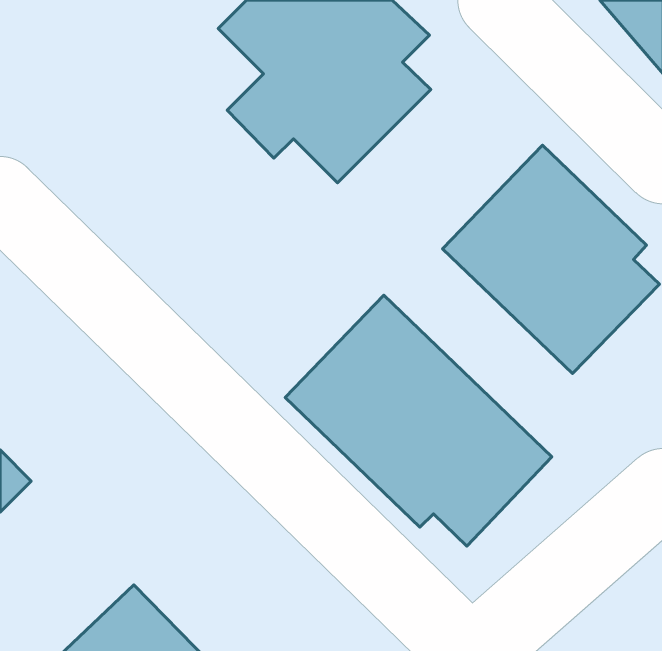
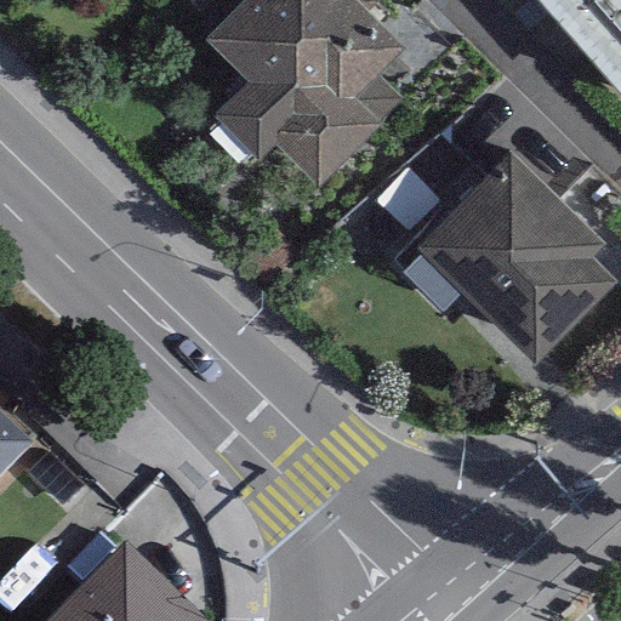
building: [285,295,552,546] -> none

